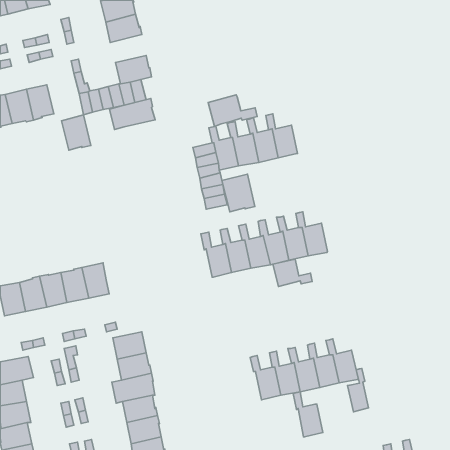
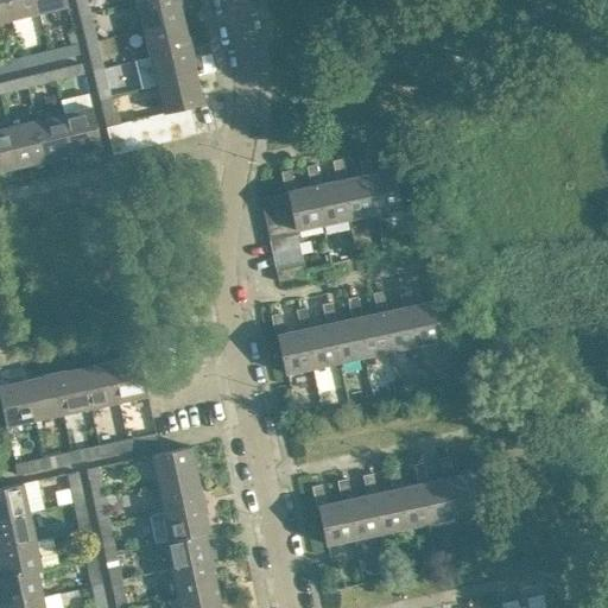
building: [208,95,257,126] -> none
building: [109,99,155,129] -> [135,48,197,89]
building: [62,115,91,150] -> [63,107,102,154]
building: [222,174,255,212] -> none
building: [273,259,312,286] -> none
building: [348,369,369,412] -> none
building: [293,392,323,437] -> [312,484,353,545]

